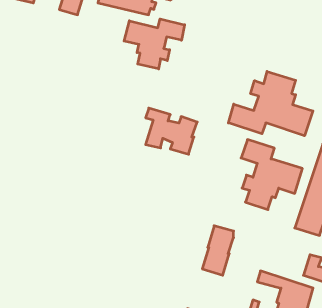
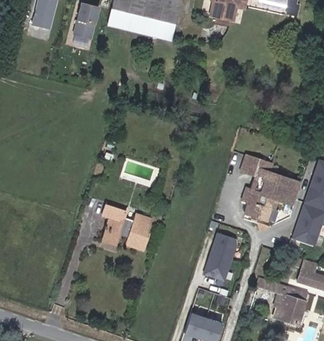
building: [124,19,185,69] -> none
building: [228,71,313,136] -> none
building: [146,108,197,154] -> [103,206,151,249]

